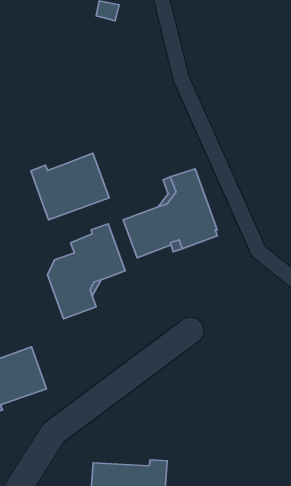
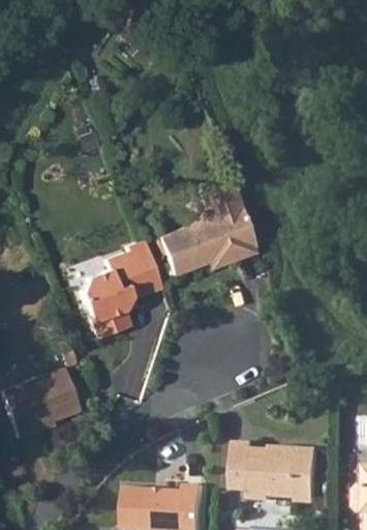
building: [31,153,109,220] -> none
building: none -> [235,442,319,504]

